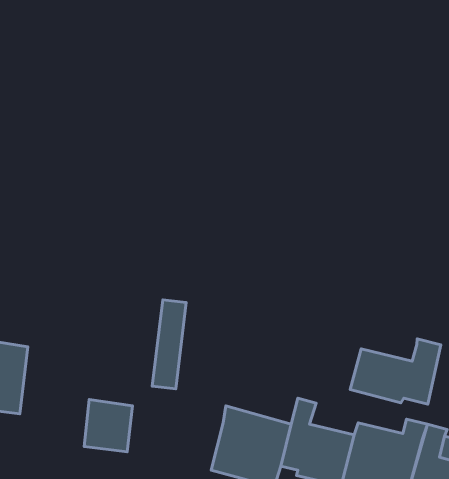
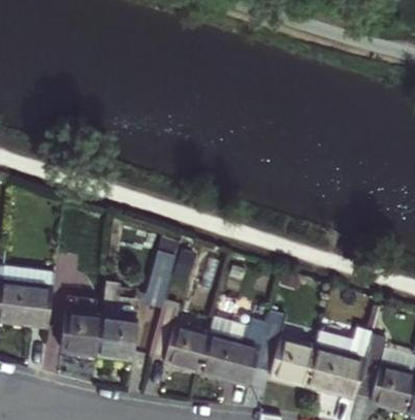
building: [350,339,441,404] -> none
building: none -> [59,311,101,353]
building: none -> [147,321,206,371]

